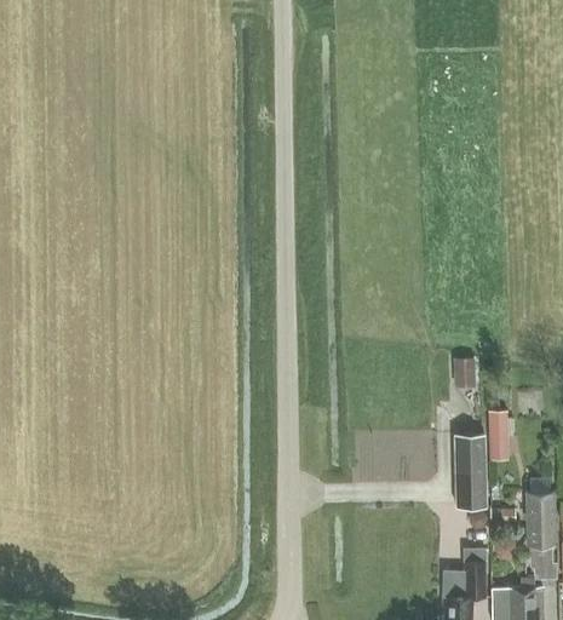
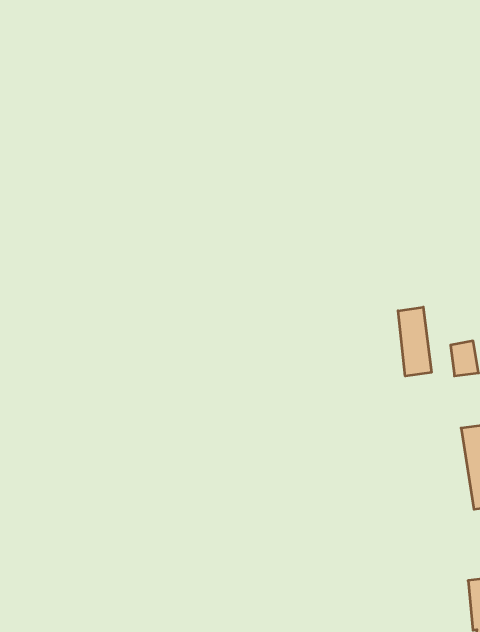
building: none -> [398,307,431,376]

